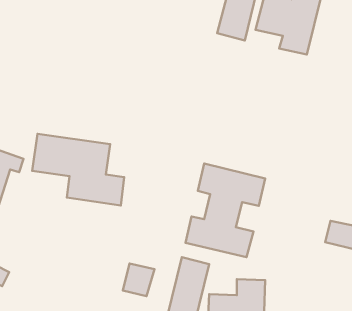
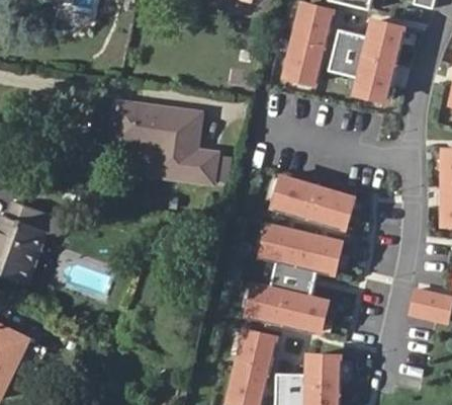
building: none -> [274,176,352,228]
building: [32,134,124,205] -> [112,101,217,183]
building: [123,264,155,296] -> none

